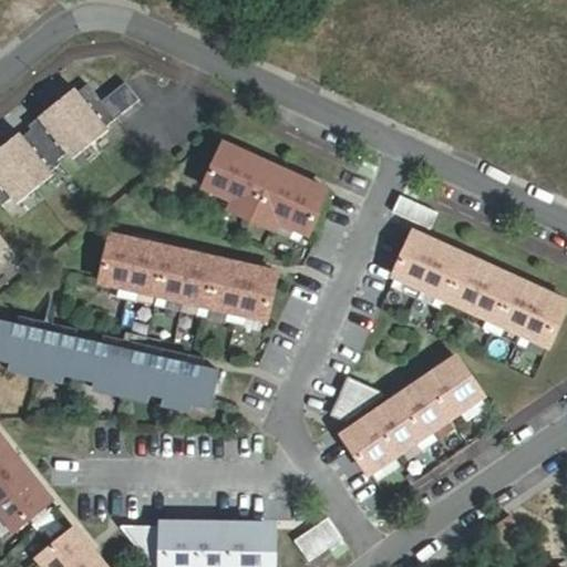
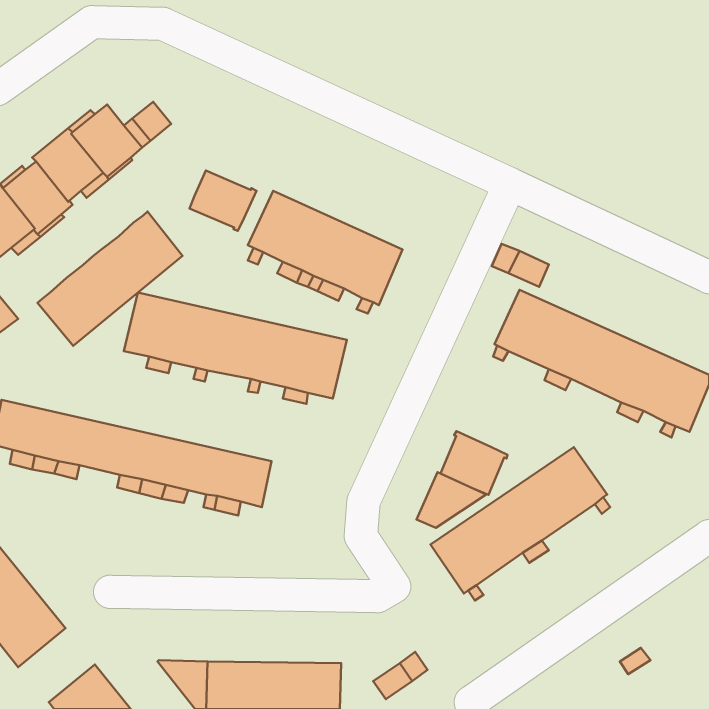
building: none -> [189,170,256,231]
building: none -> [37,211,182,346]
building: none -> [440,431,507,495]

